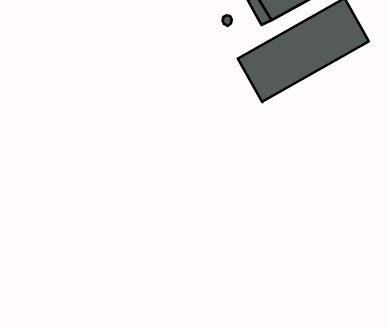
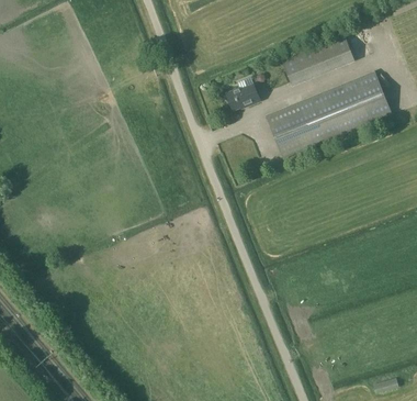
building: none -> [225,83,260,109]

